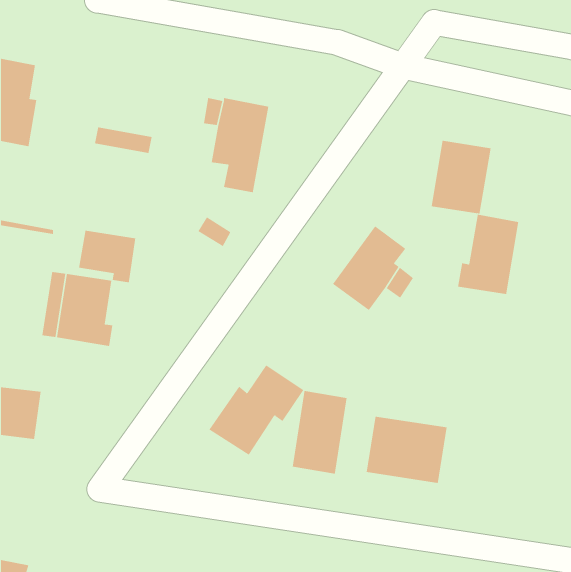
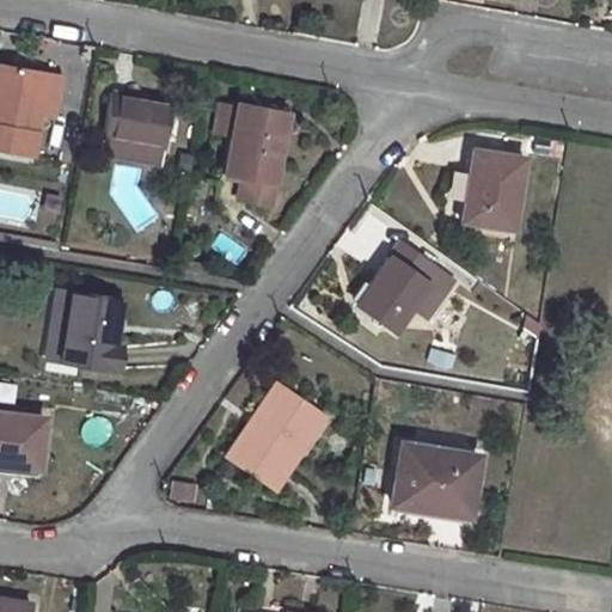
building: none -> [106,92,173,147]
building: [458,214,519,295] -> none
building: [79,230,136,283] -> none
building: [292,390,347,474] -> none

